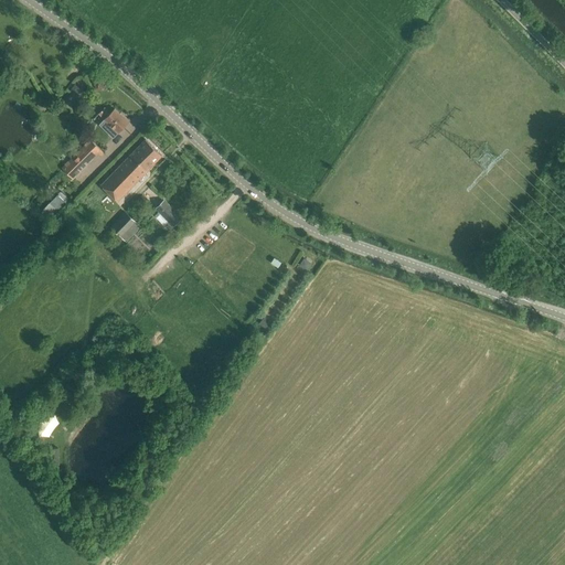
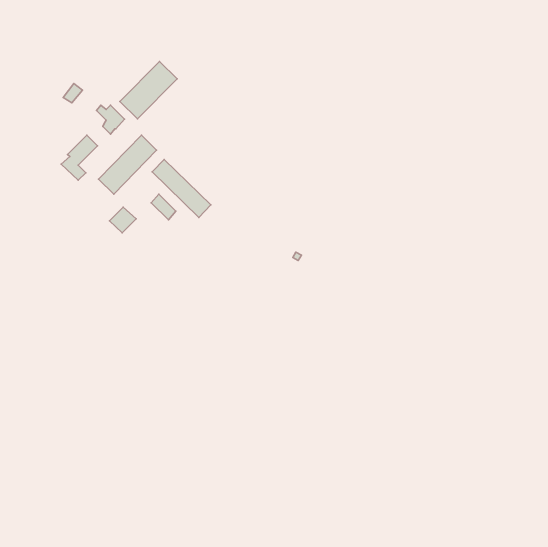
building: none -> [120,62,177,119]
building: none -> [152,159,211,217]

